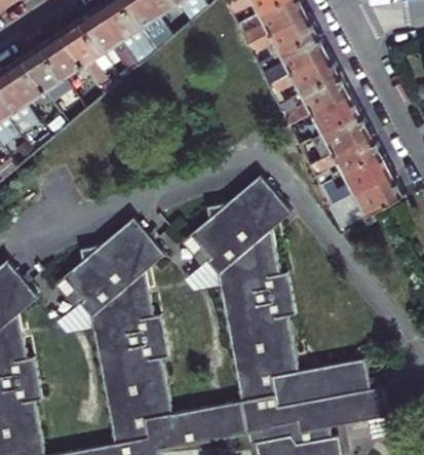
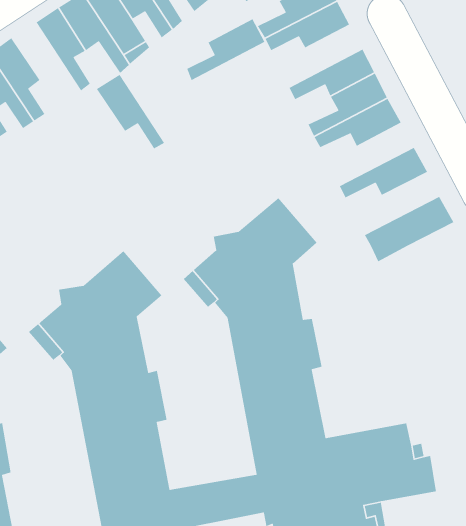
building: [41,34,98,96] -> [96,74,165,149]
building: [263,36,327,87] -> [186,18,265,81]
building: [303,116,370,167] -> none
building: [323,156,390,207] -> none

